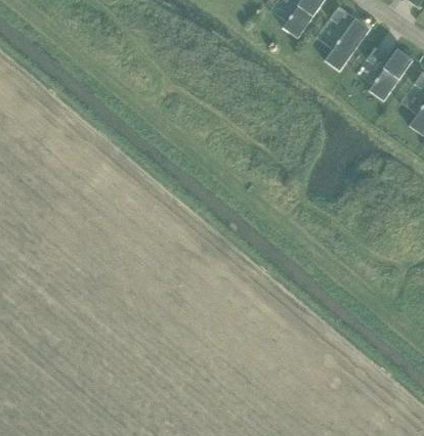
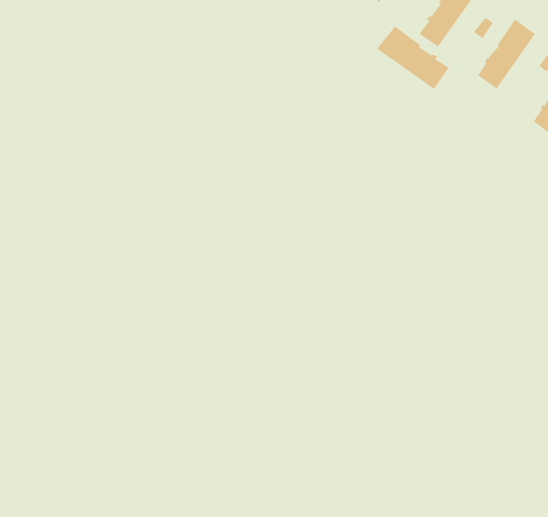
building: none -> [376,26,450,90]

